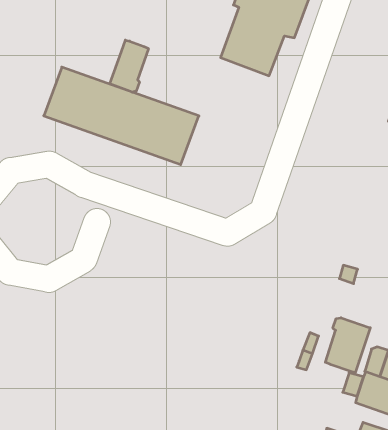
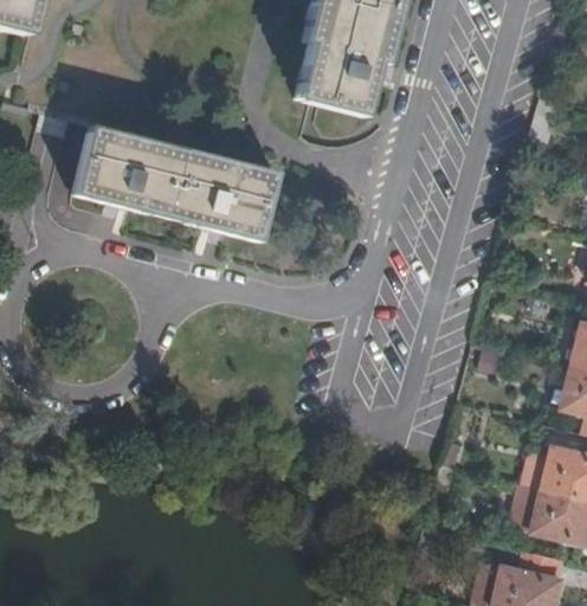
building: [110,40,148,92] -> none
building: [325,318,370,373] -> none

